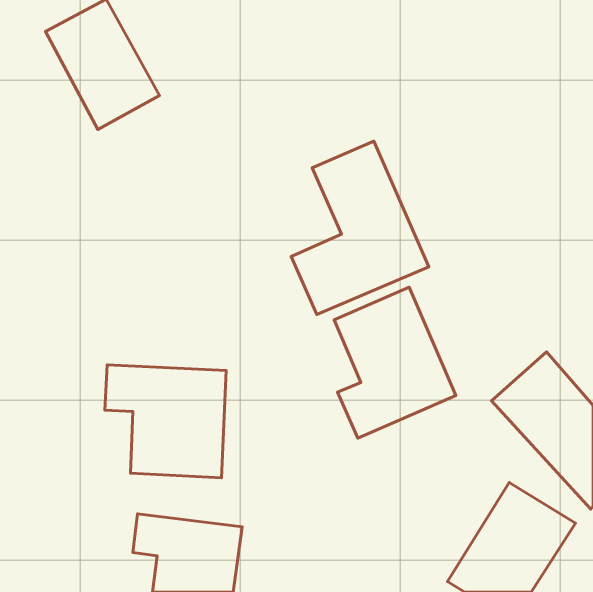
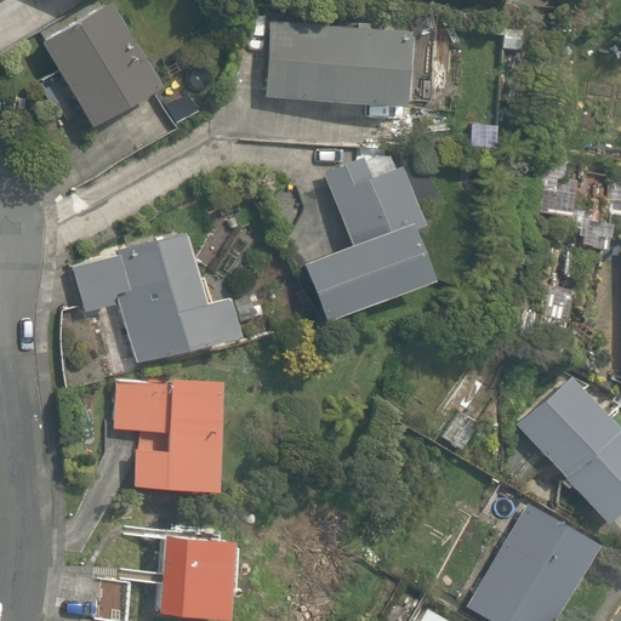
building: none -> [262,15,421,112]
building: none -> [73,228,260,368]
building: [334,287,456,438] -> none

